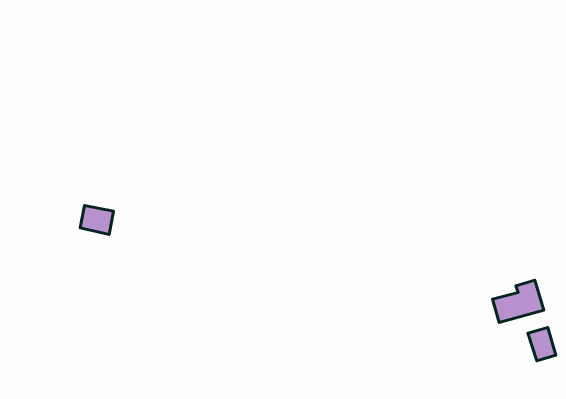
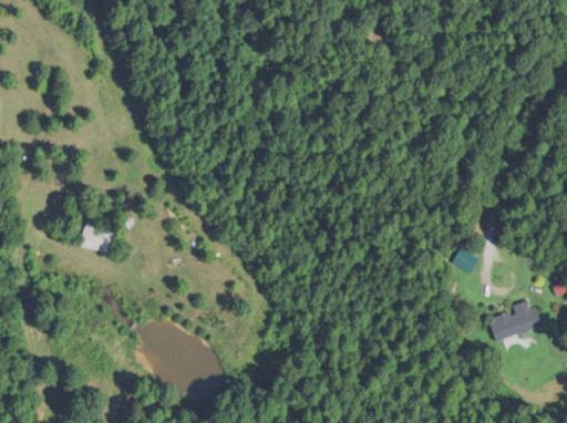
building: [528,328,556,361] -> none

